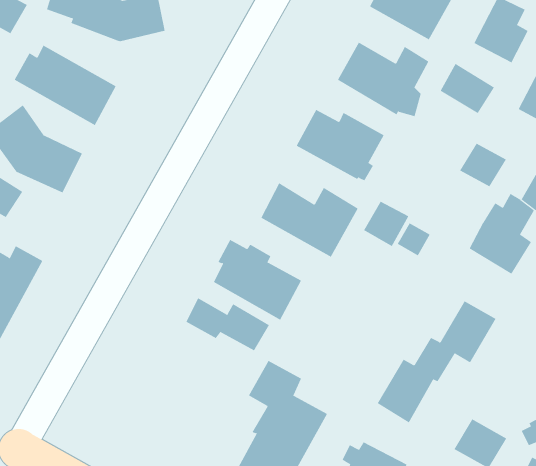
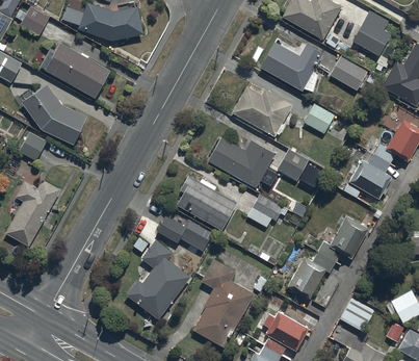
building: [459,143,507,187] -> [303,103,335,133]
building: none -> [246,195,287,227]
building: none -> [125,238,189,319]

